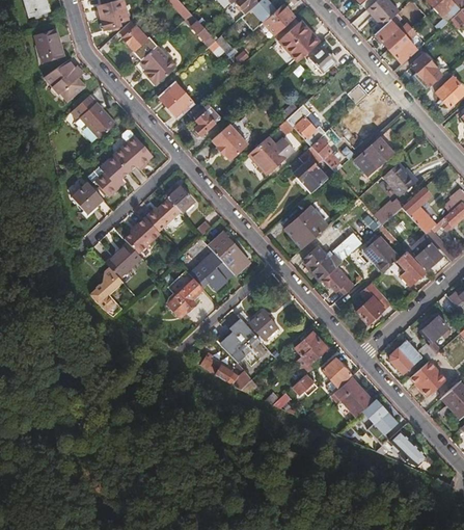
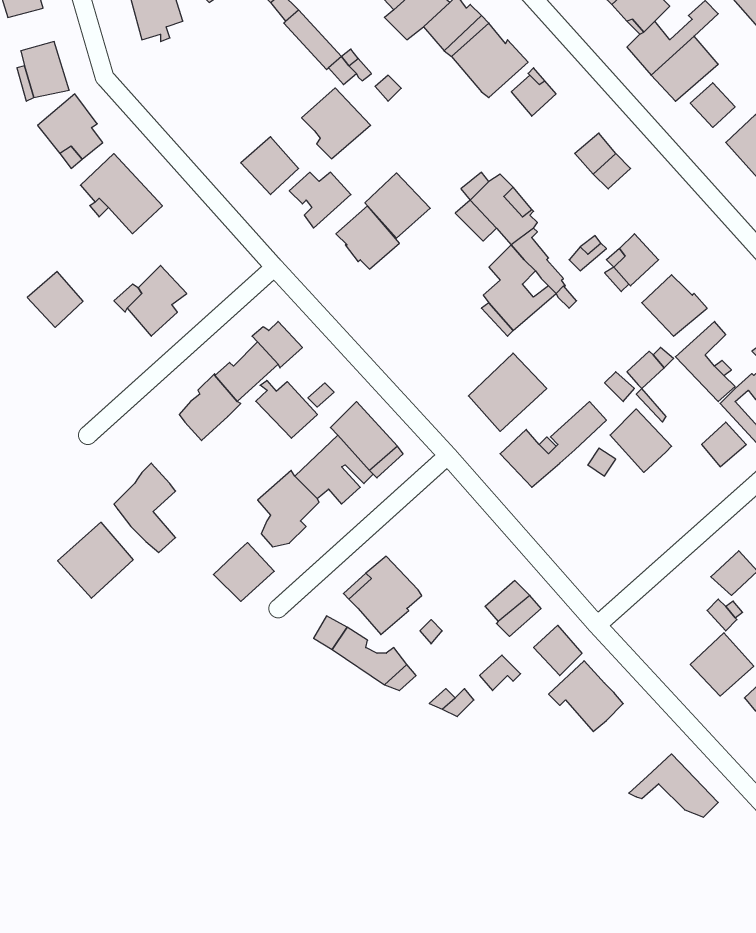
building: [117,19,146,51] -> none
building: [139,45,178,84] -> [302,88,371,159]
building: [113,129,153,171] -> none
building: [249,137,285,174] -> [365,173,430,238]
building: [72,182,103,213] -> [27,271,83,327]
building: none -> [256,380,317,438]
building: [107,243,142,277] -> none
building: [397,250,427,286] -> none
building: [323,267,354,294] -> none
building: [356,284,391,324] -> none
building: none -> [58,522,133,598]
building: [238,310,278,339] -> none
building: none -> [213,543,274,601]
building: [390,340,418,371] -> none
building: [363,398,397,450] -> none

